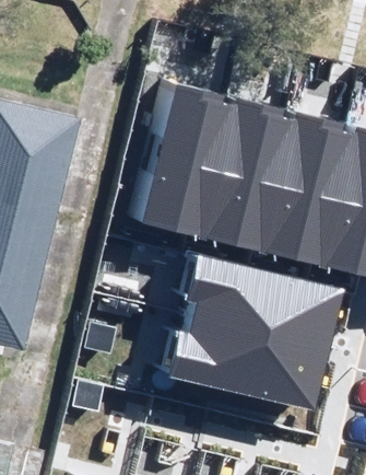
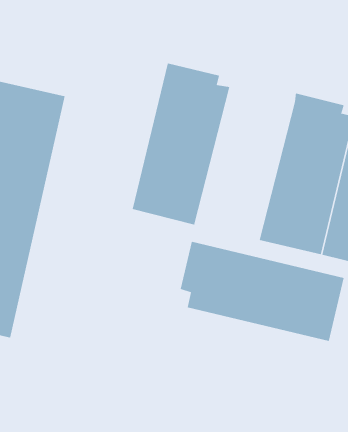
building: [201,99,296,253] -> none
building: [167,317,330,413] -> none

